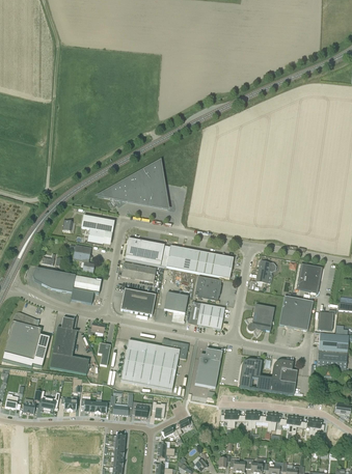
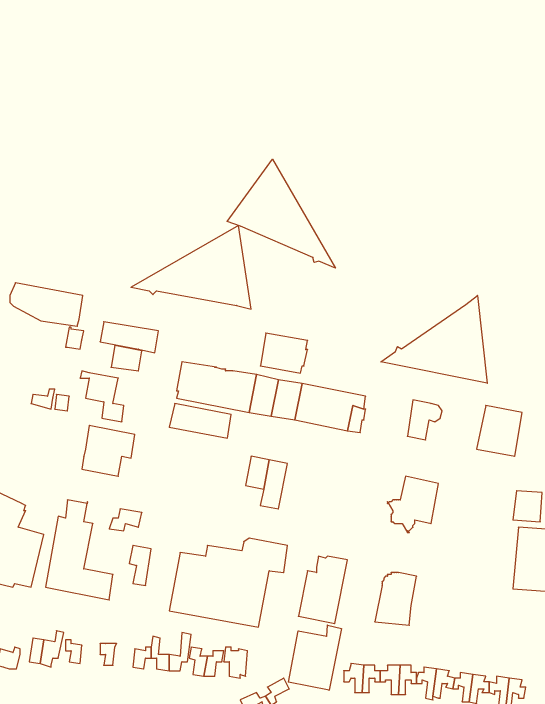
building: none -> [227,159,335,268]
building: none -> [381,295,487,383]
building: [33,267,75,291] -> [10,283,83,326]
building: [194,276,221,299] -> [260,333,308,373]
building: [120,288,156,314] -> none
building: [278,295,313,330] -> none
building: [188,301,224,328] -> none
building: [258,359,297,394] -> none
building: none -> [288,625,341,690]

